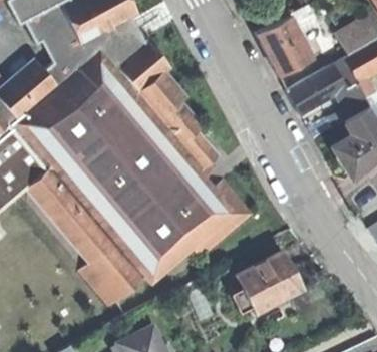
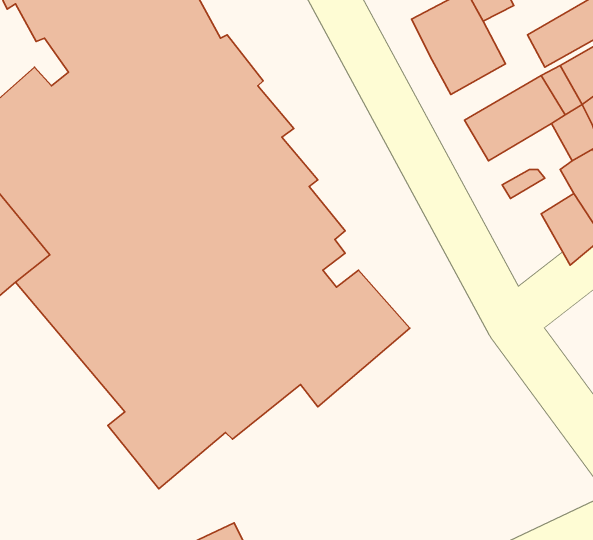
building: [231,251,301,313] -> none

